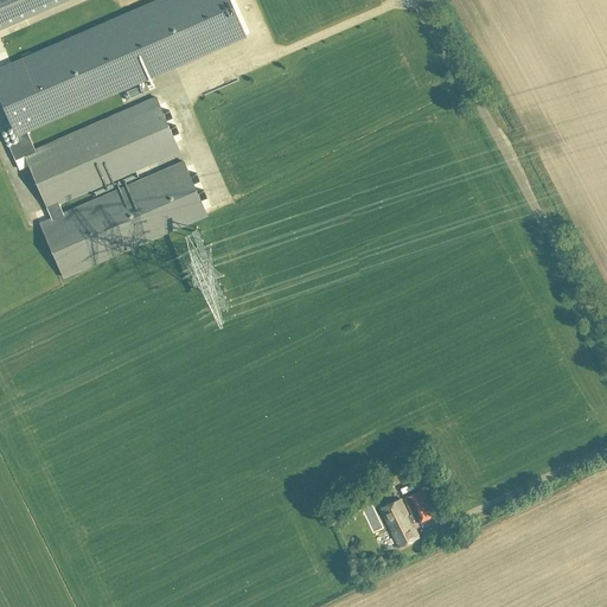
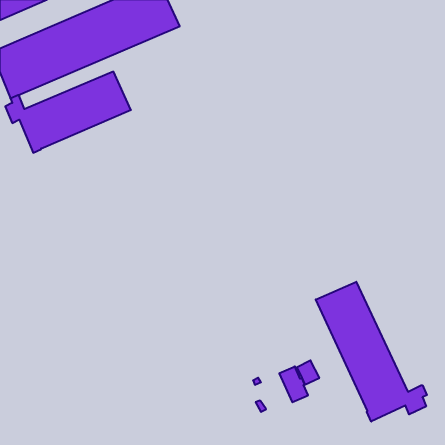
building: [38,160,205,276] -> none
building: none -> [316,282,427,422]

